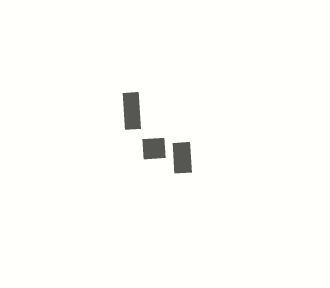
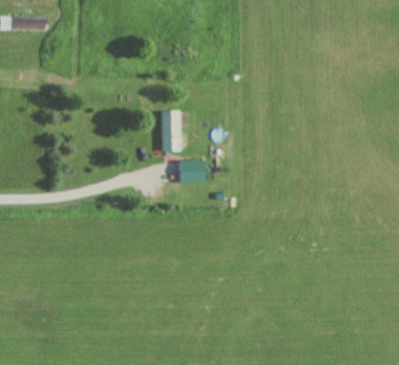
building: [172,141,192,174] -> none

